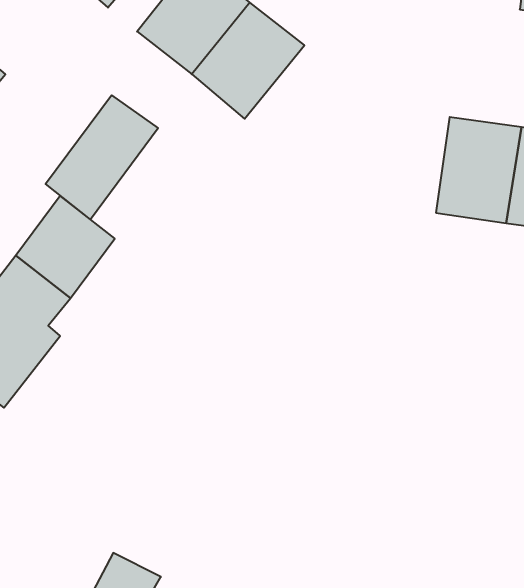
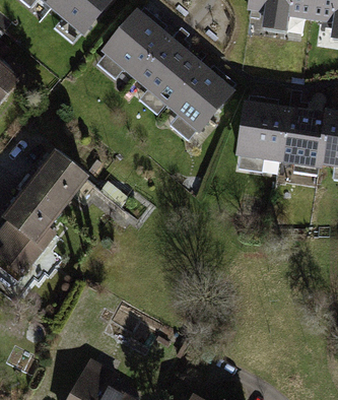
building: none -> [165,61,232,130]
building: [46,95,158,219] -> none
building: none -> [238,97,287,160]

